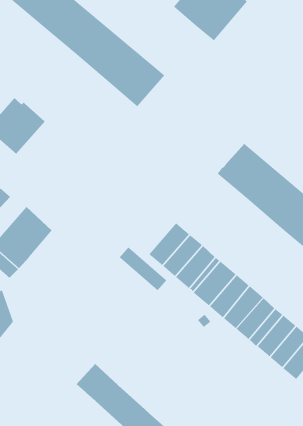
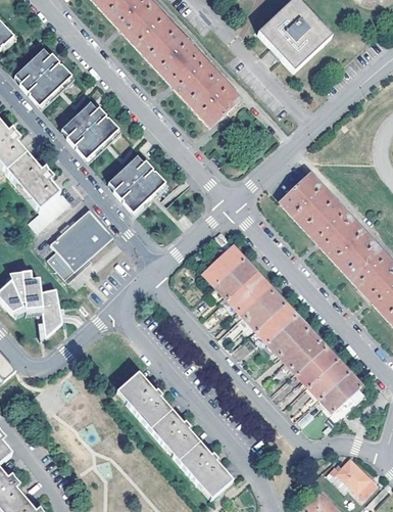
building: none -> [107,155,165,213]
building: [119,247,167,291] -> none

